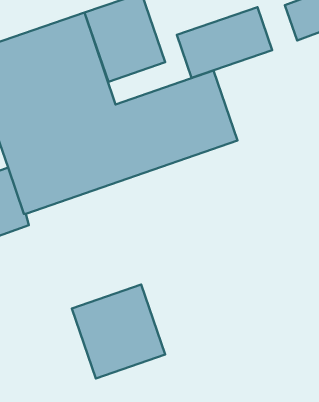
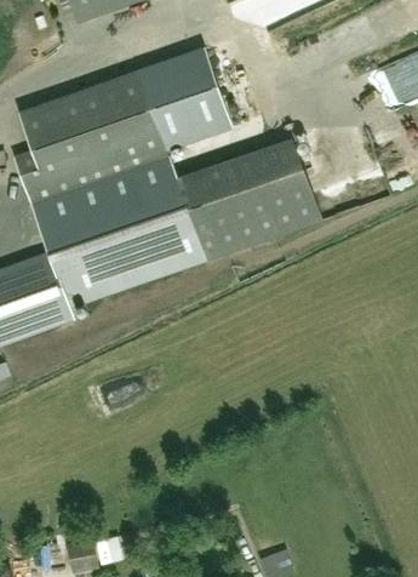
building: [177,7,272,78] -> none
building: [72,285,165,378] -> none

